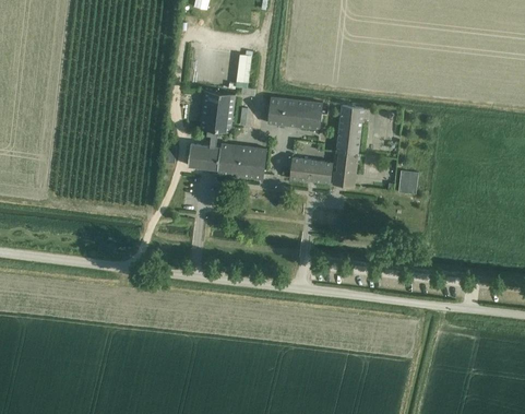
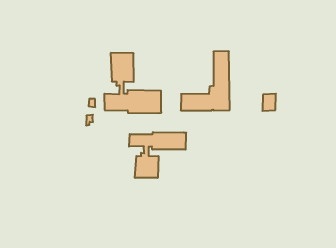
building: [267,97,322,129] -> none
building: none -> [129,132,186,178]

